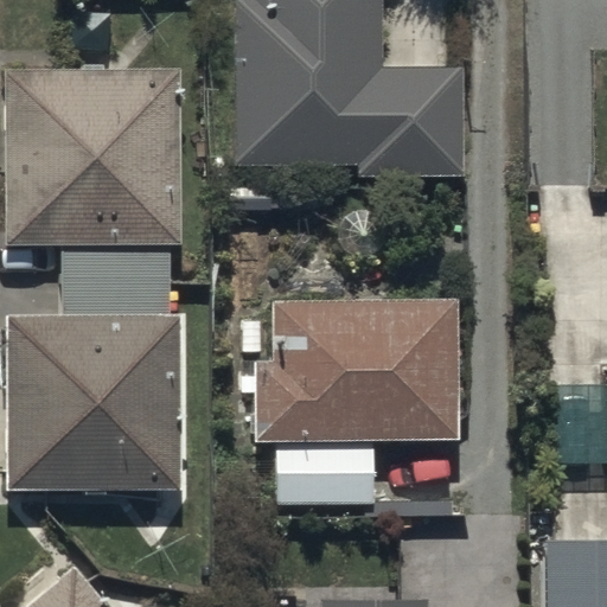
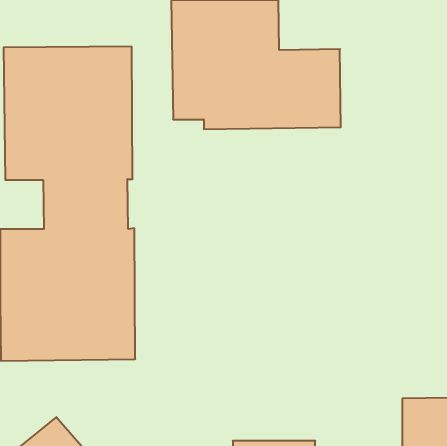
building: [251,300,454,447] -> none

